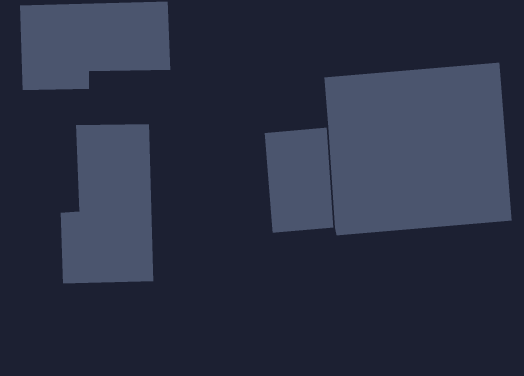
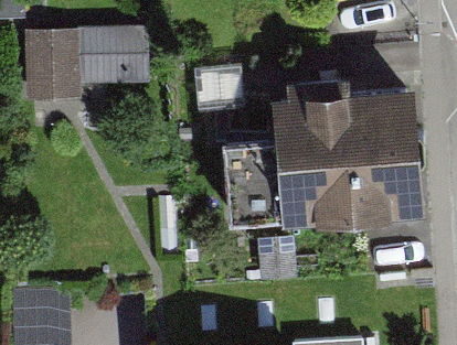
building: [60,123,154,284] -> none

